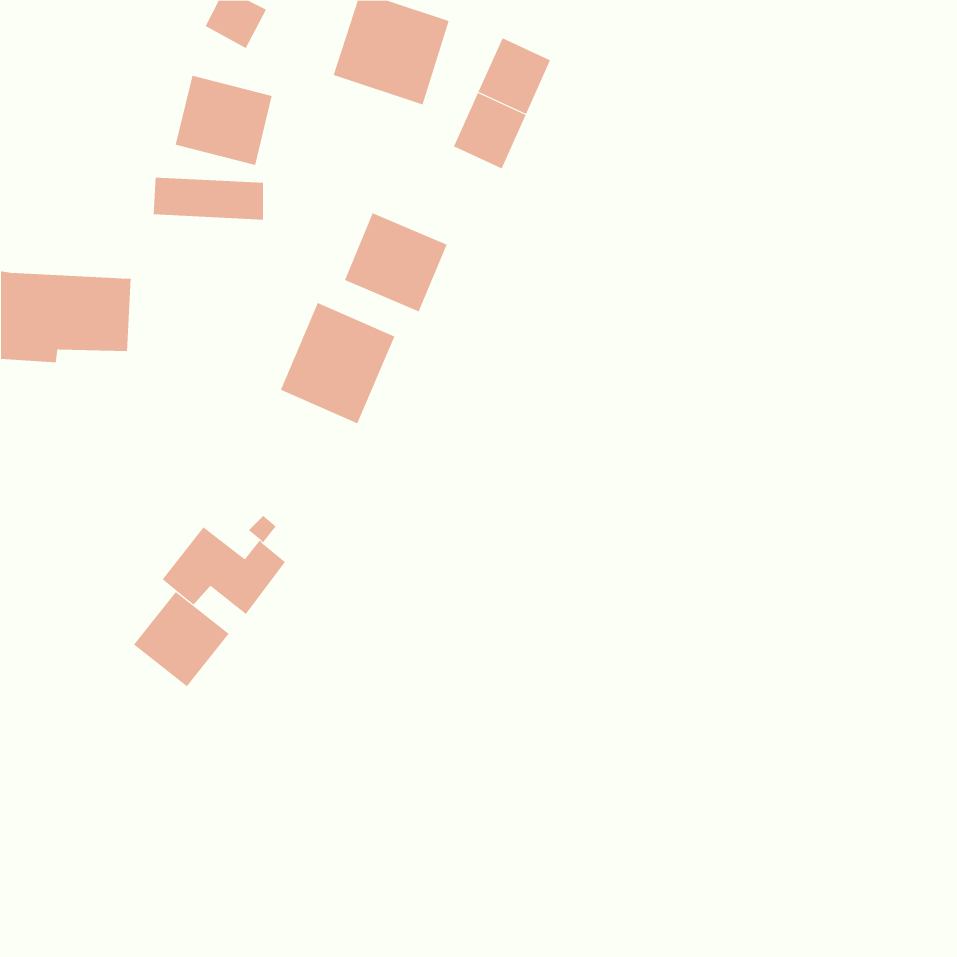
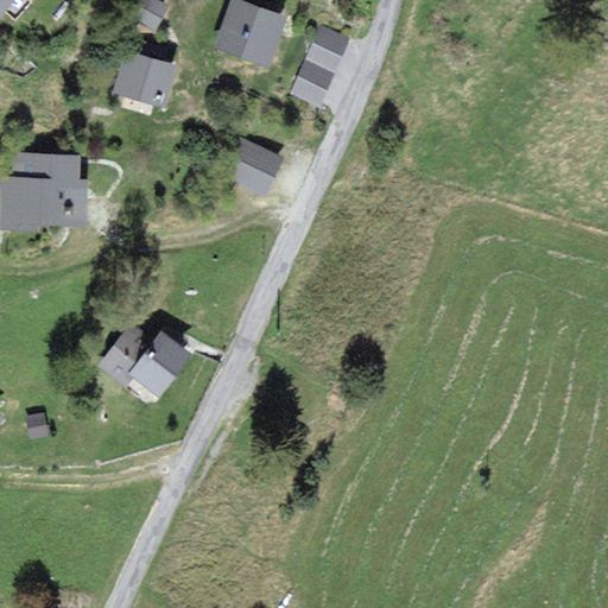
building: [153,177,264,220] -> [10,151,80,178]
building: [280,302,395,424] -> none
building: [133,591,229,687] -> none

